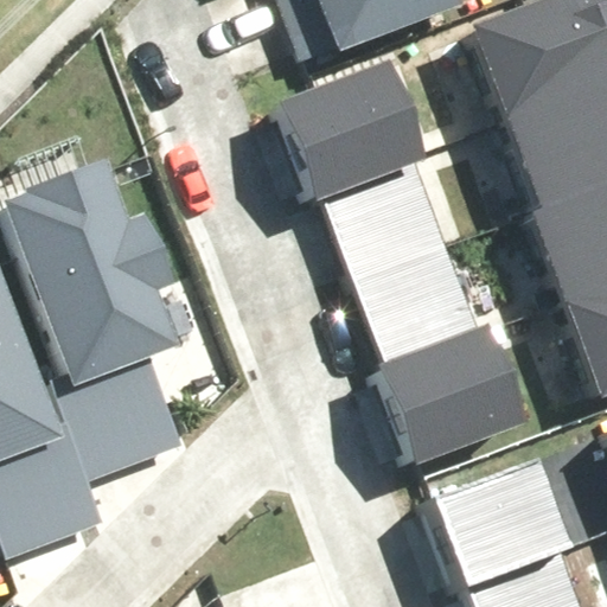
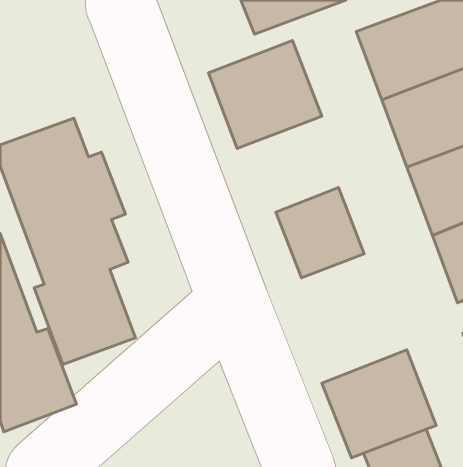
building: [331,160,446,279] -> none
building: [384,328,524,461] -> none

